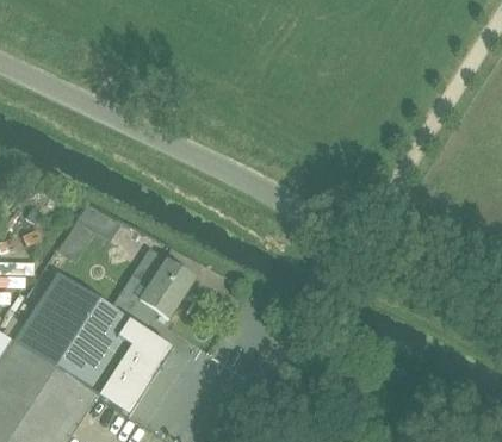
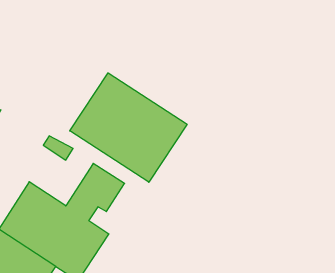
building: none -> [70,73,187,182]

